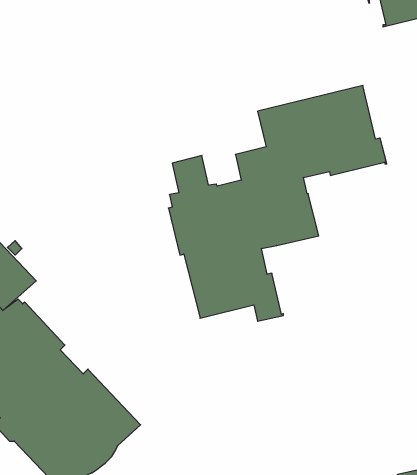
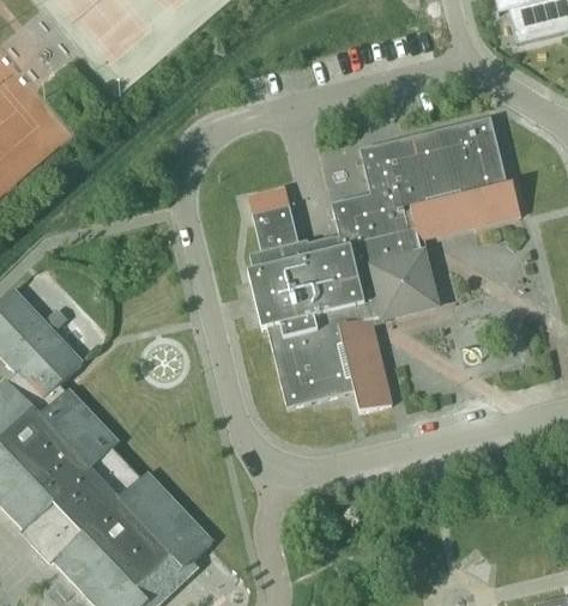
building: none -> [247,184,289,213]

